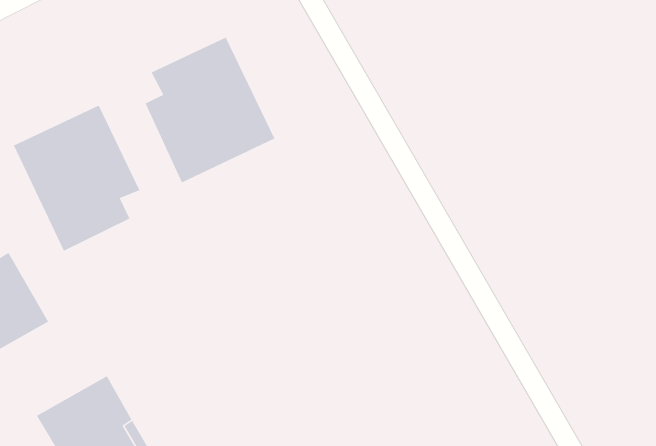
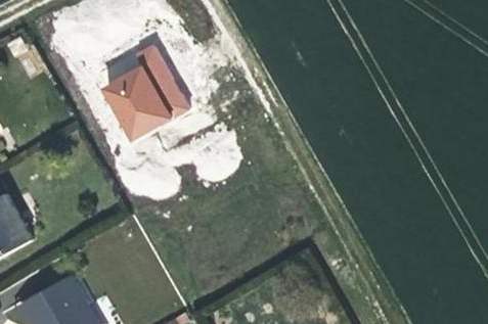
building: [13,104,141,252] -> none

